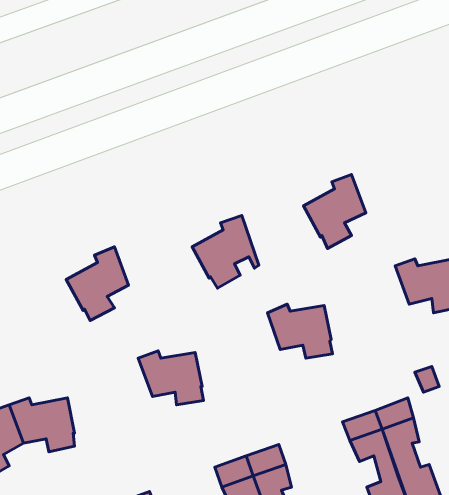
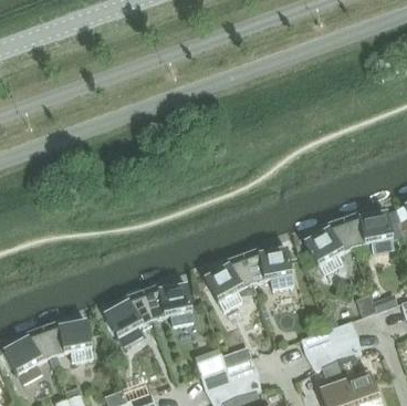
building: [303,175,366,248] -> [304,217,353,274]
building: [192,216,259,288] -> [204,253,255,310]
building: [66,247,129,321] -> [104,289,153,346]

